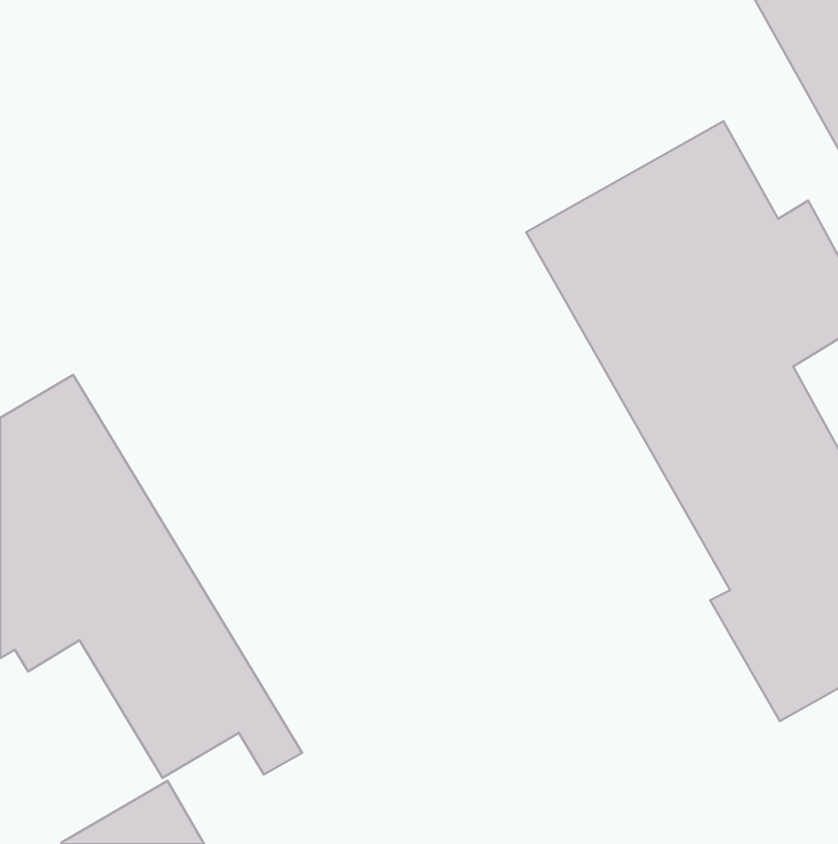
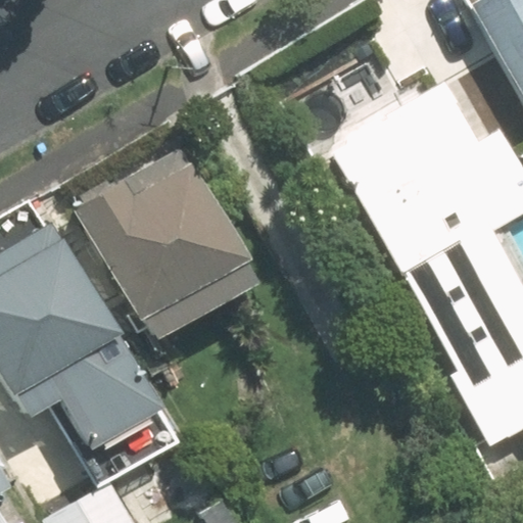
building: none -> [74,146,253,338]

